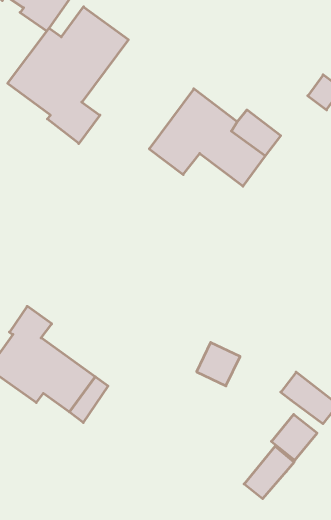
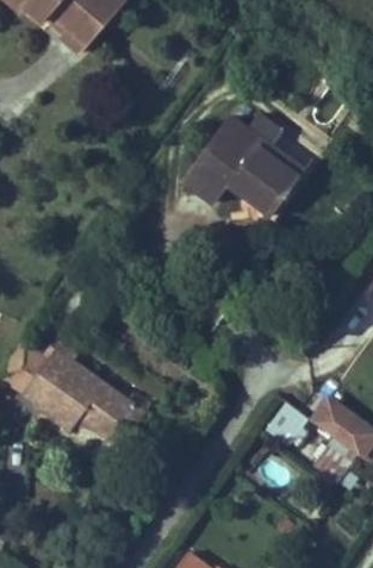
building: [8,7,128,144] -> none
building: [197,342,240,386] -> [273,399,317,443]
building: [244,446,294,499] -> none

